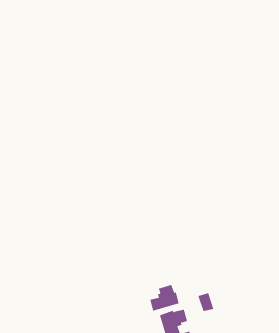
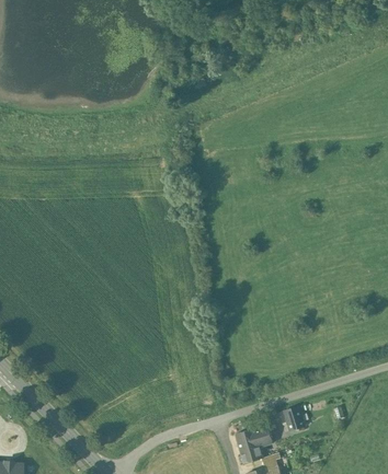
building: [149,284,179,312] -> none

